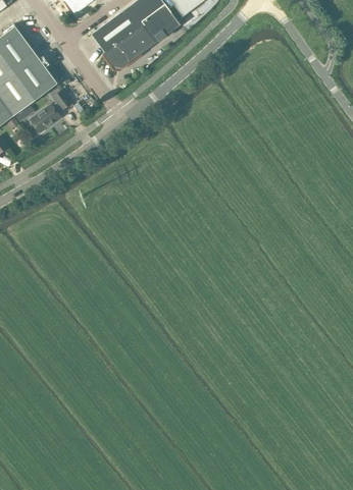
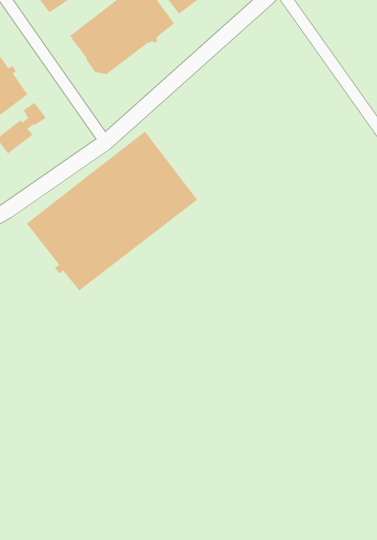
building: none -> [26,131,198,292]

